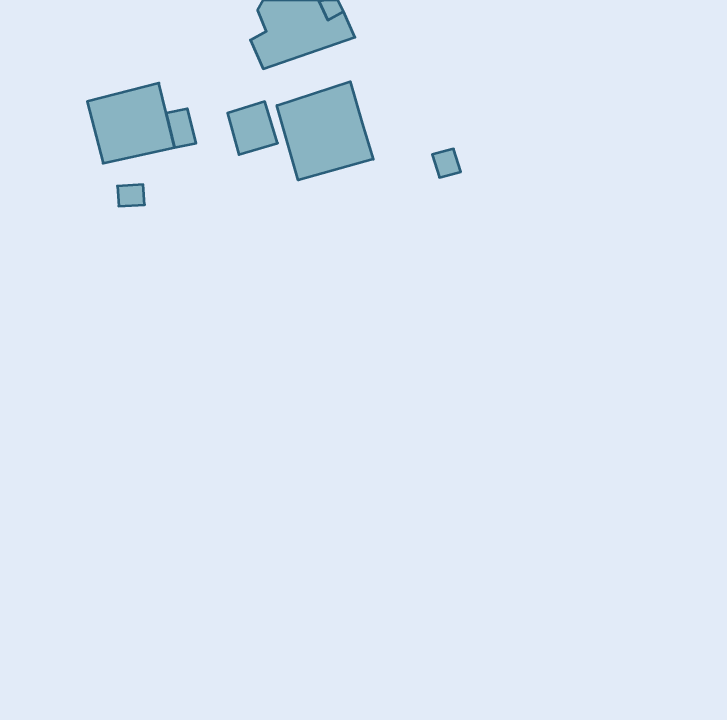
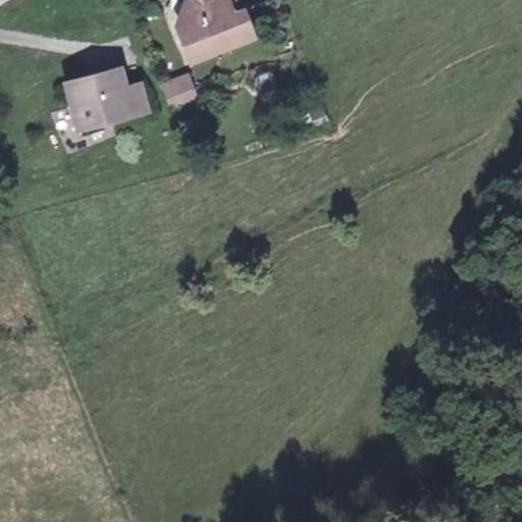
building: [277,82,373,180] -> none

